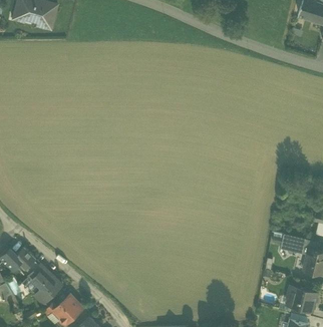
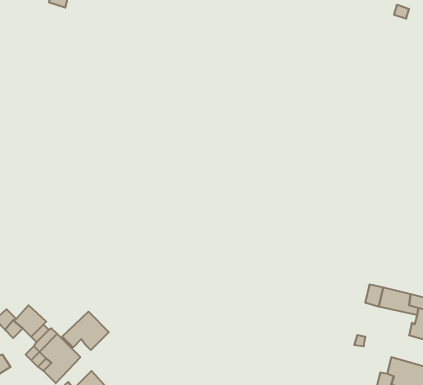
building: none -> [62,312,109,350]

